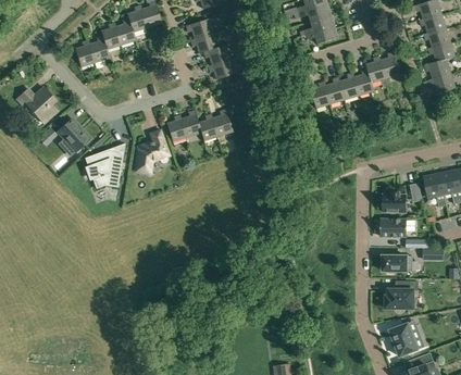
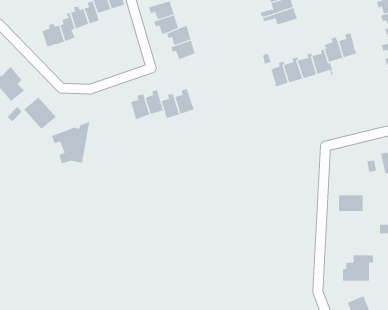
building: [136,130,169,172] -> none
building: [383,191,406,212] -> none
building: [383,254,412,273] -> none

